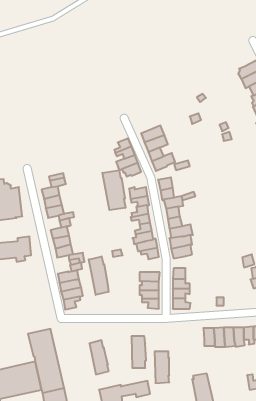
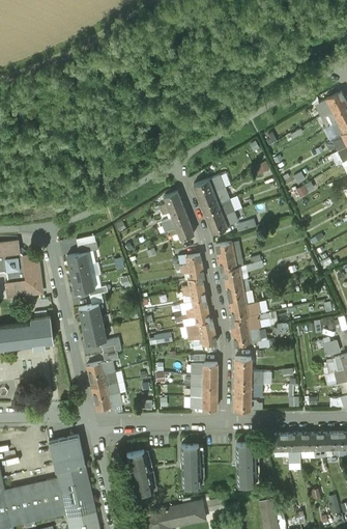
building: [102,170,125,210] -> none
building: [89,256,109,295] -> none
building: [155,351,169,383] -> [236,444,255,484]

